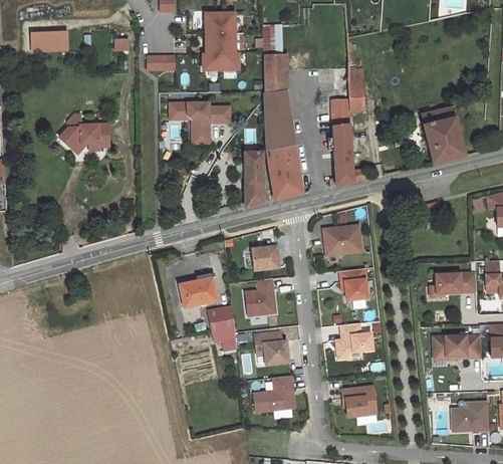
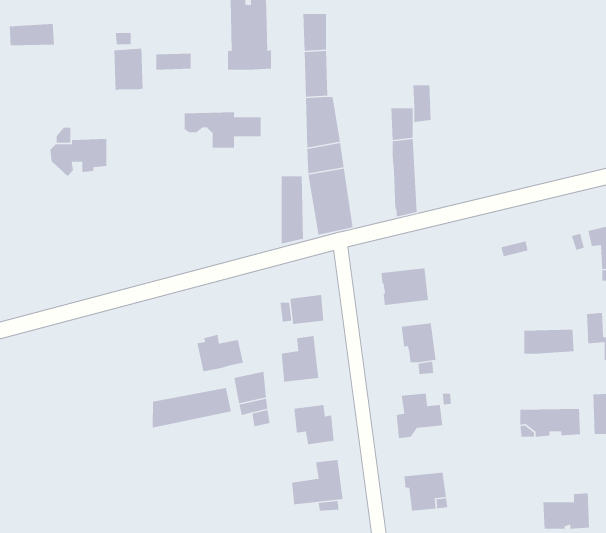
building: none -> [113,48,144,91]
building: [422,106,465,164] -> none
building: none -> [152,387,232,429]

